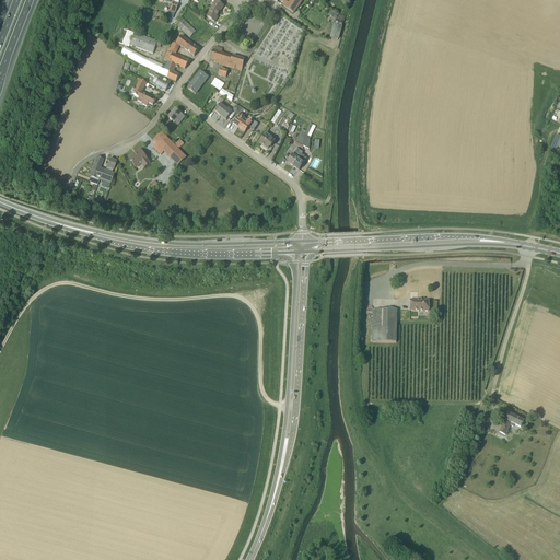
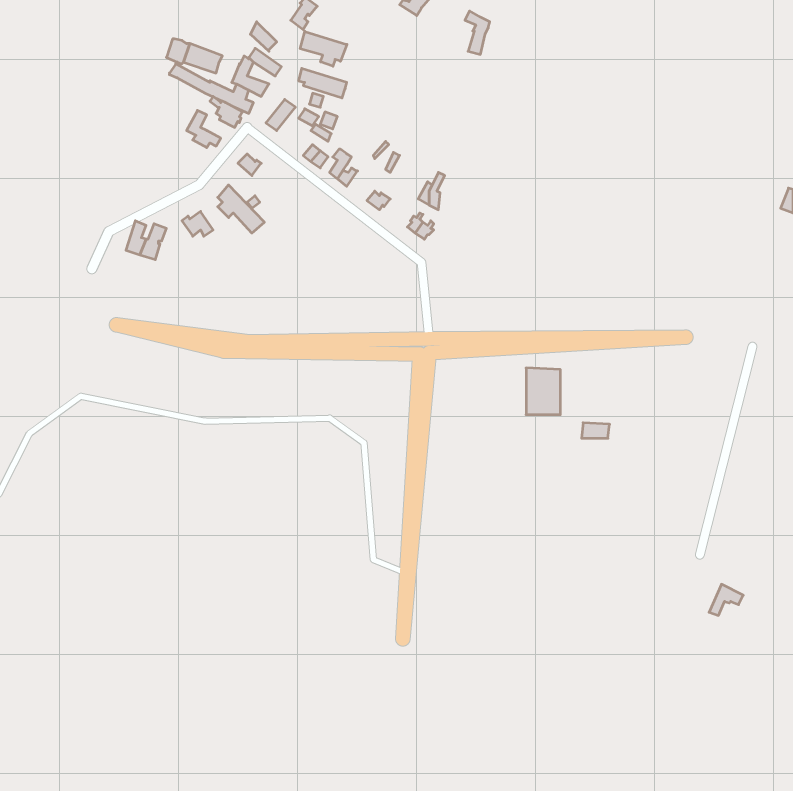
building: none -> [300,31,347,66]
building: [372,307,396,340] -> [526,368,560,415]

